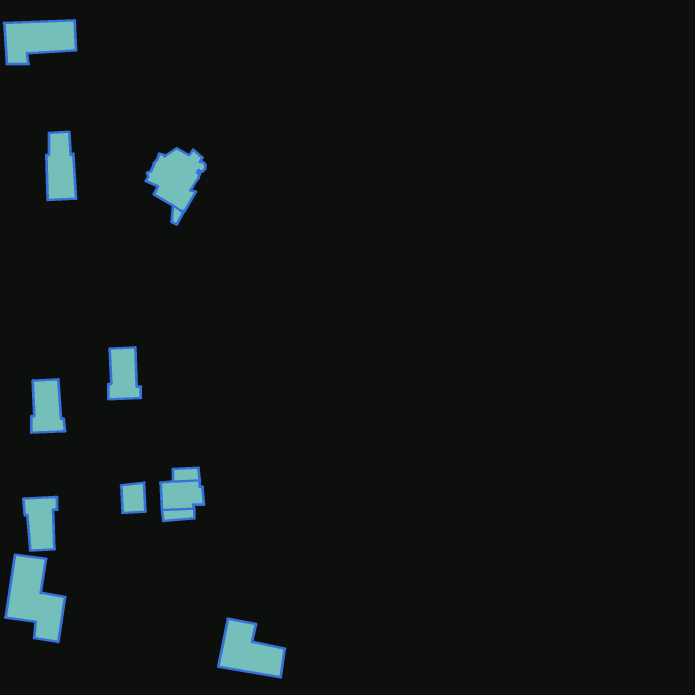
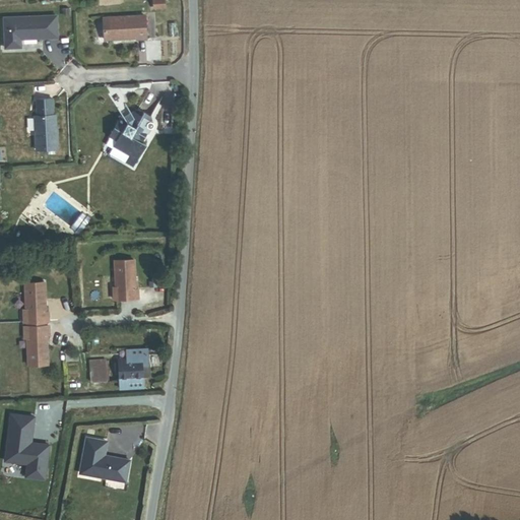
building: none -> [103,15,146,40]
building: [108,347,141,399] -> [114,260,138,299]
building: [23,497,57,550] -> [23,325,49,365]
building: [218,619,285,677] -> [79,438,129,481]

